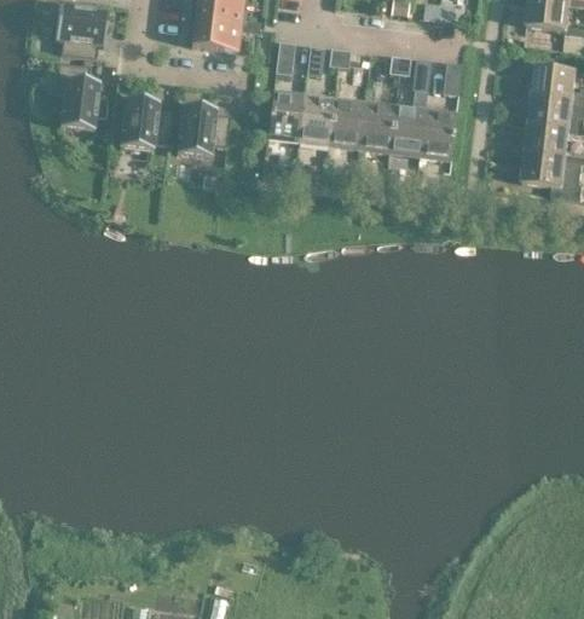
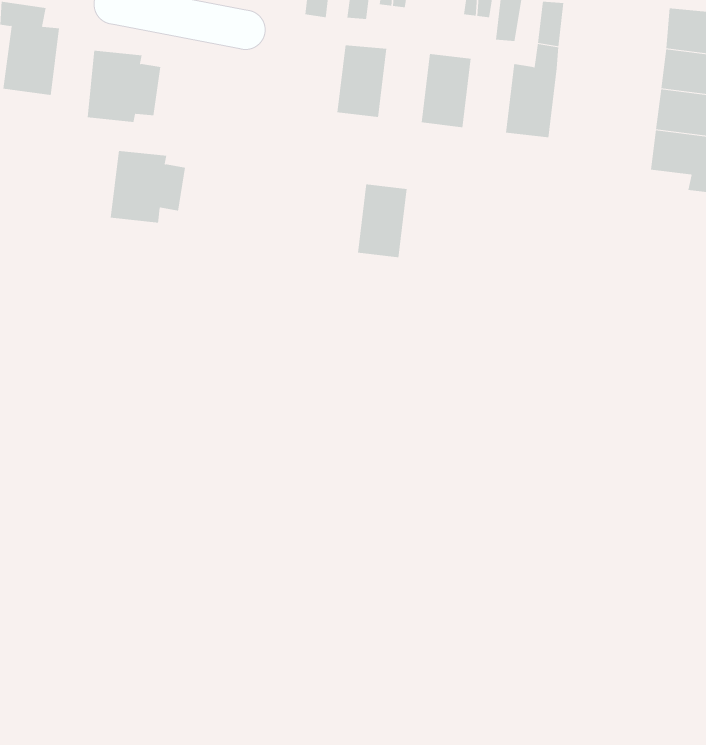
building: [267,88,305,141] -> none
building: [329,96,365,149] -> [357,184,408,258]
building: [389,103,426,156] -> none
building: [177,104,231,156] -> [110,150,186,223]

